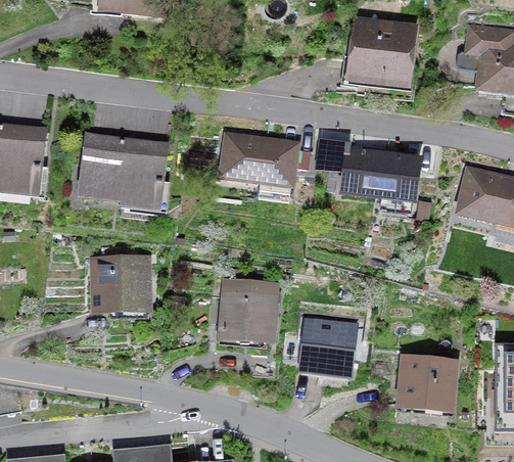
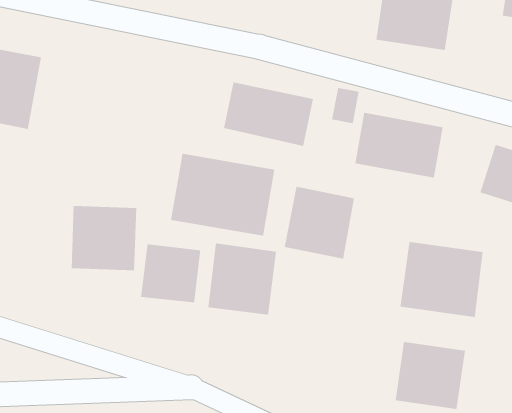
building: [80,132,171,200] -> [170,153,275,236]
building: none -> [400,241,483,318]
building: none -> [140,243,201,303]
building: [295,318,356,380] -> [284,186,355,259]

